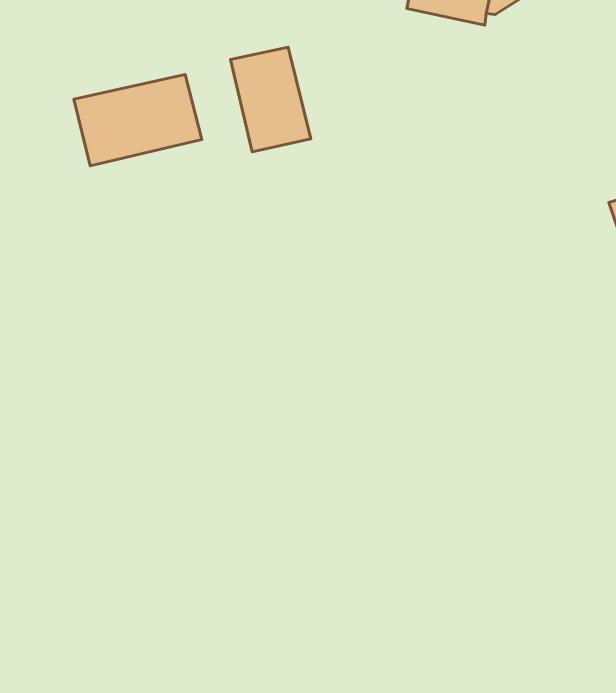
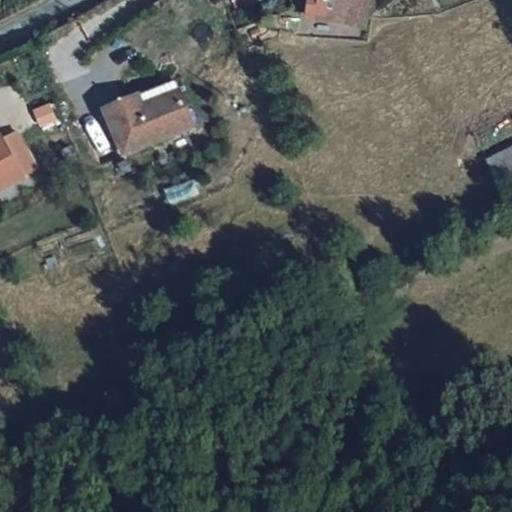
building: [231,47,311,152] -> none

